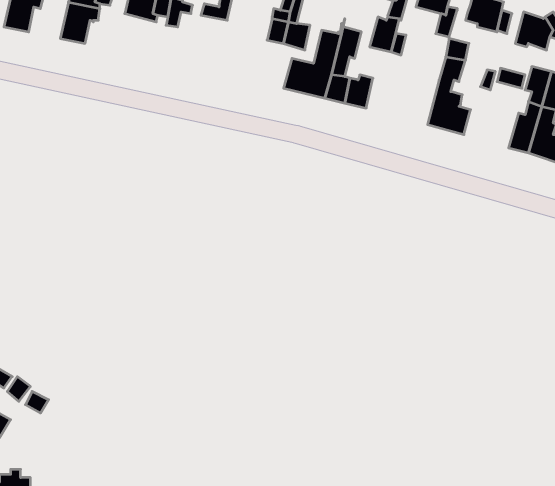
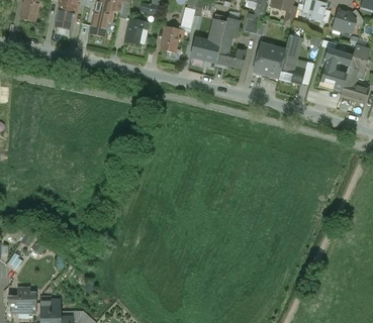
building: none -> [88,10,112,37]
building: none -> [123,18,148,44]
building: none -> [160,26,184,52]
building: none -> [253,43,285,78]

